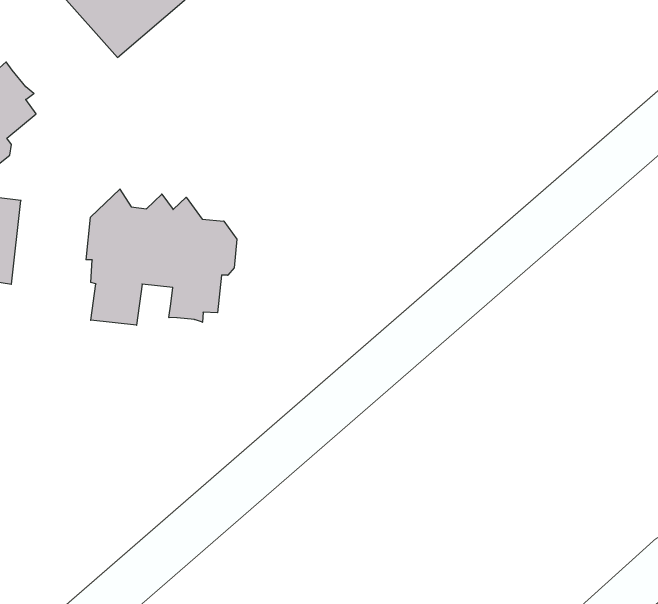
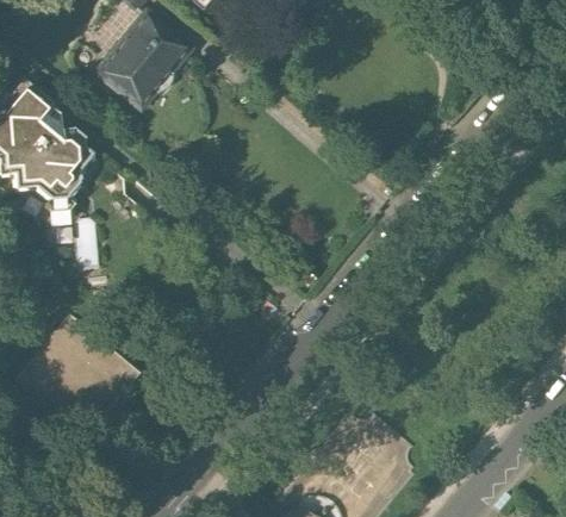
building: [86,189,237,325] -> none

